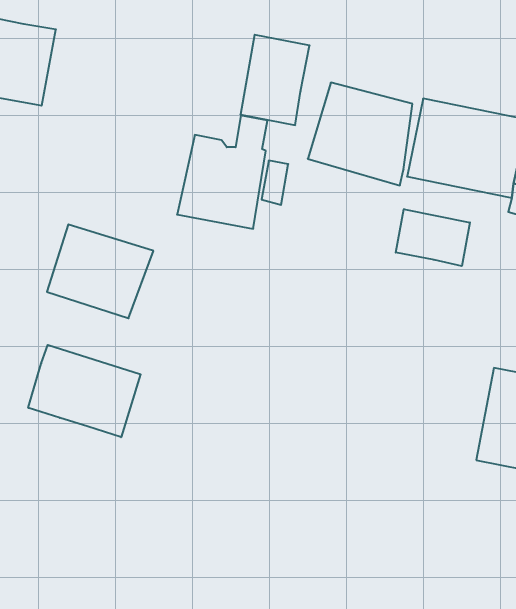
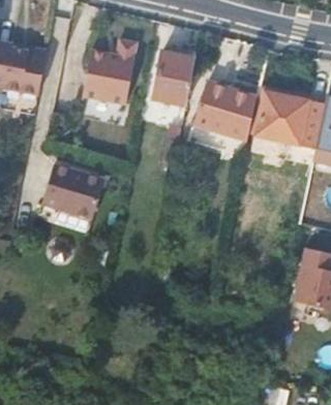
building: [177,115,267,229] -> [83,37,136,103]
building: [396,209,470,266] -> none
building: [28,345,141,437] -> none

